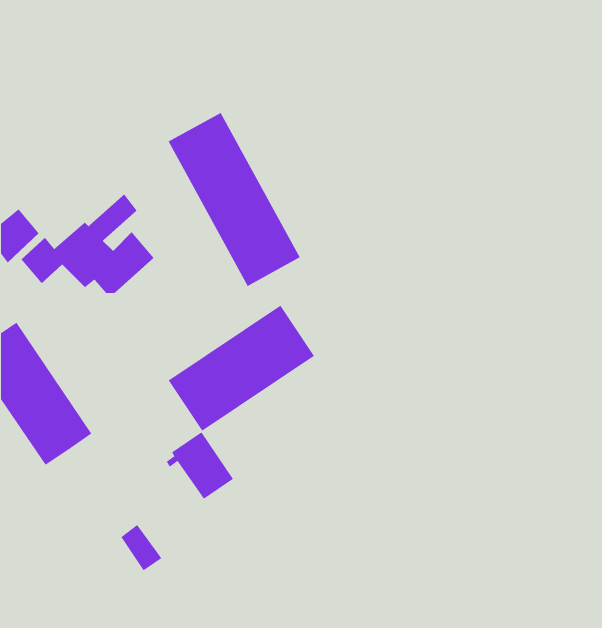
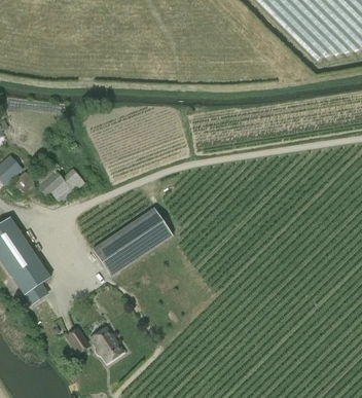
building: [168,112,300,287] -> none
building: [166,431,234,500] -> [86,325,123,362]

